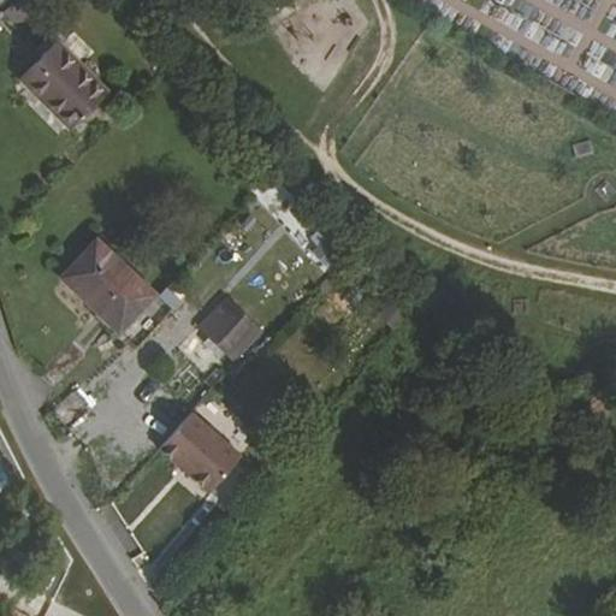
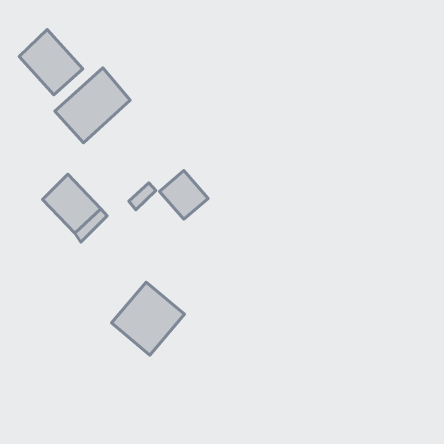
building: none -> [55,68,130,143]
building: [199,292,266,360] -> [160,171,208,219]

